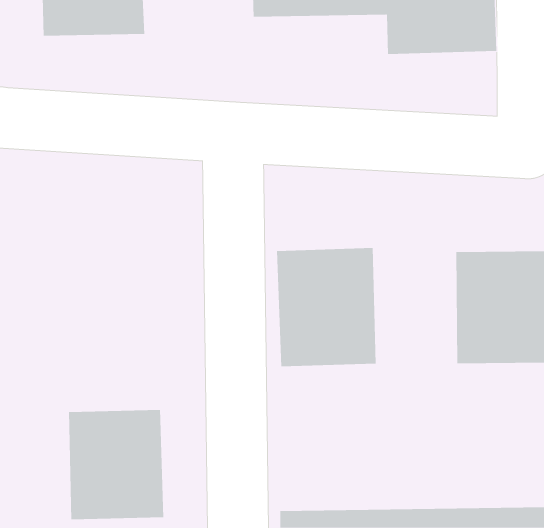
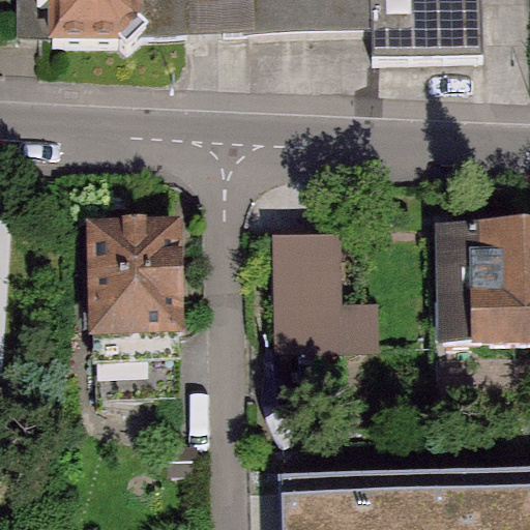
building: none -> [76,230,183,355]
building: [68,409,164,520] -> none

